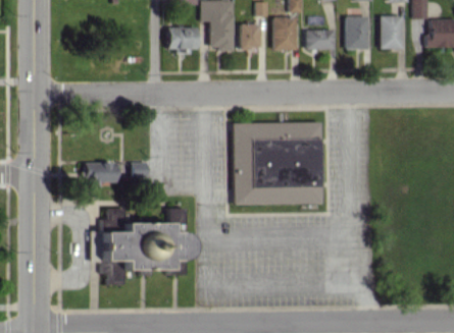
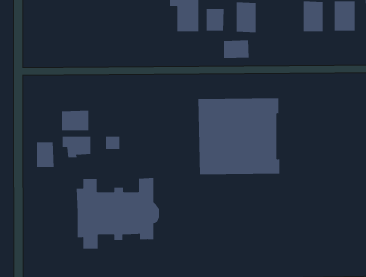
building: [167,27,197,53] -> none
building: [306,30,335,50] -> [223,40,250,59]
building: none -> [62,110,89,131]
building: none -> [37,141,54,168]

